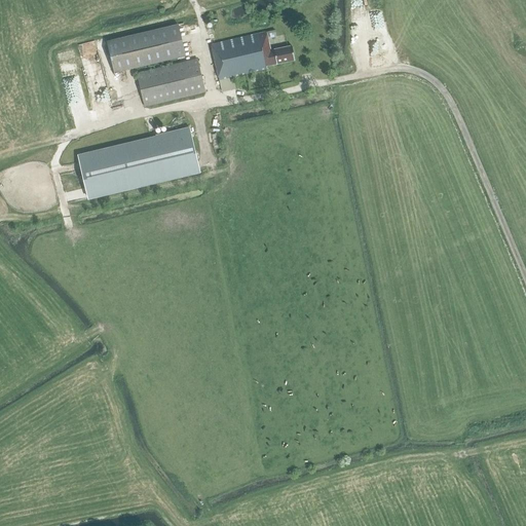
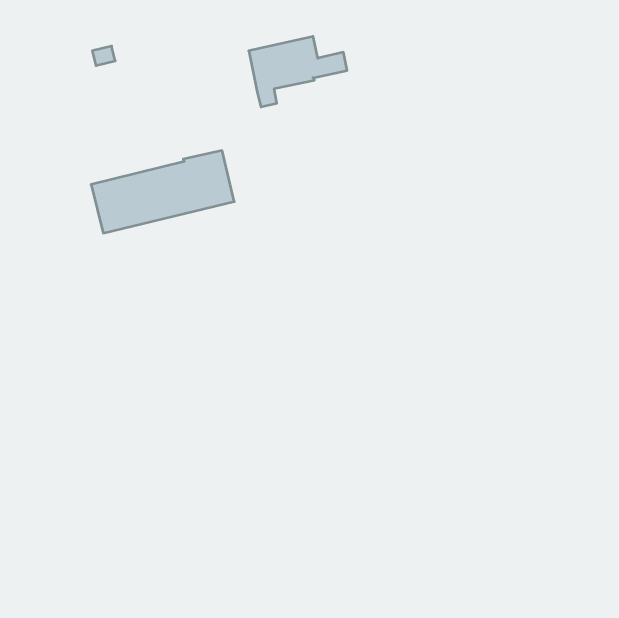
building: [106,24,183,71] -> none
building: [135,58,204,105] -> none

